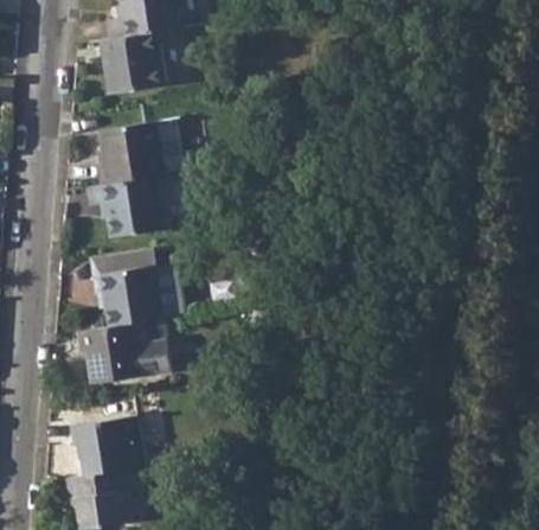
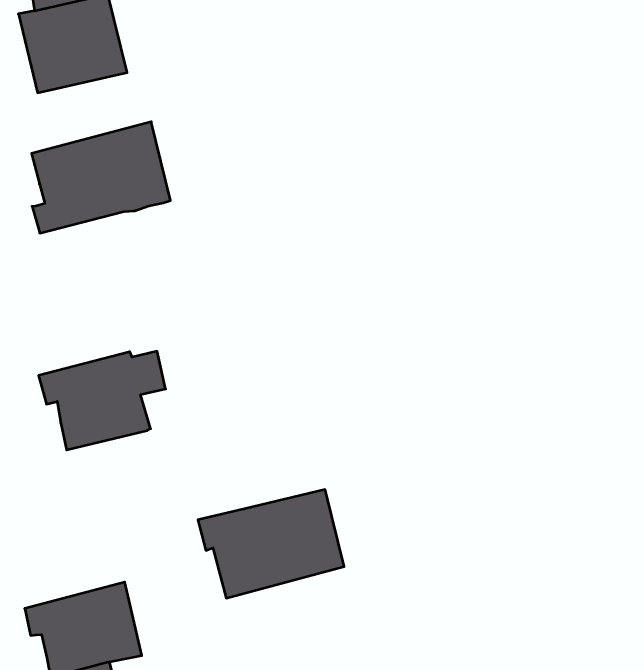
building: [84,174,161,236] -> none
building: [72,318,165,383] -> [198,490,344,598]

